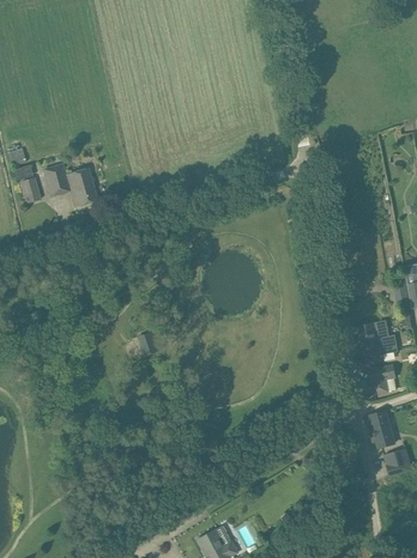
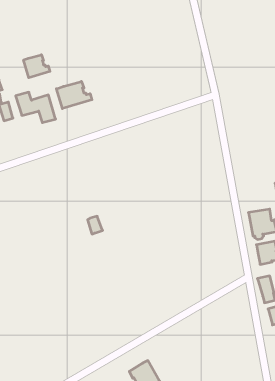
building: none -> [24,55,50,78]
building: none -> [56,81,92,109]

